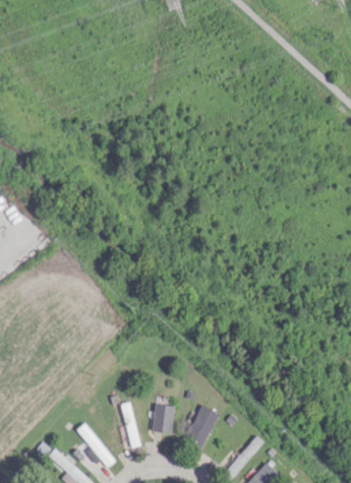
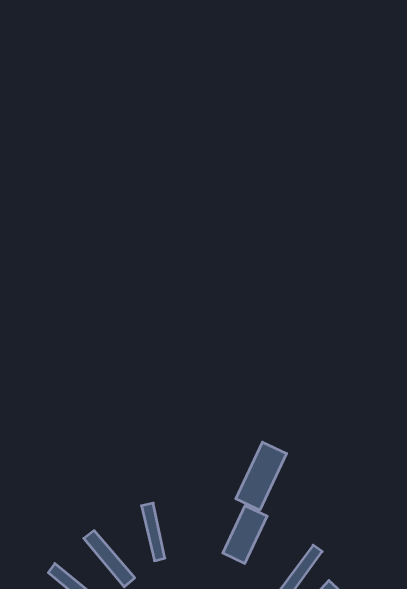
building: none -> [236,442,287,510]
building: [152,404,174,433] -> none

